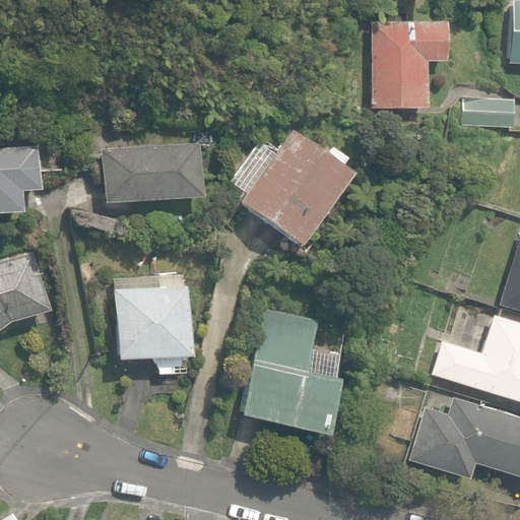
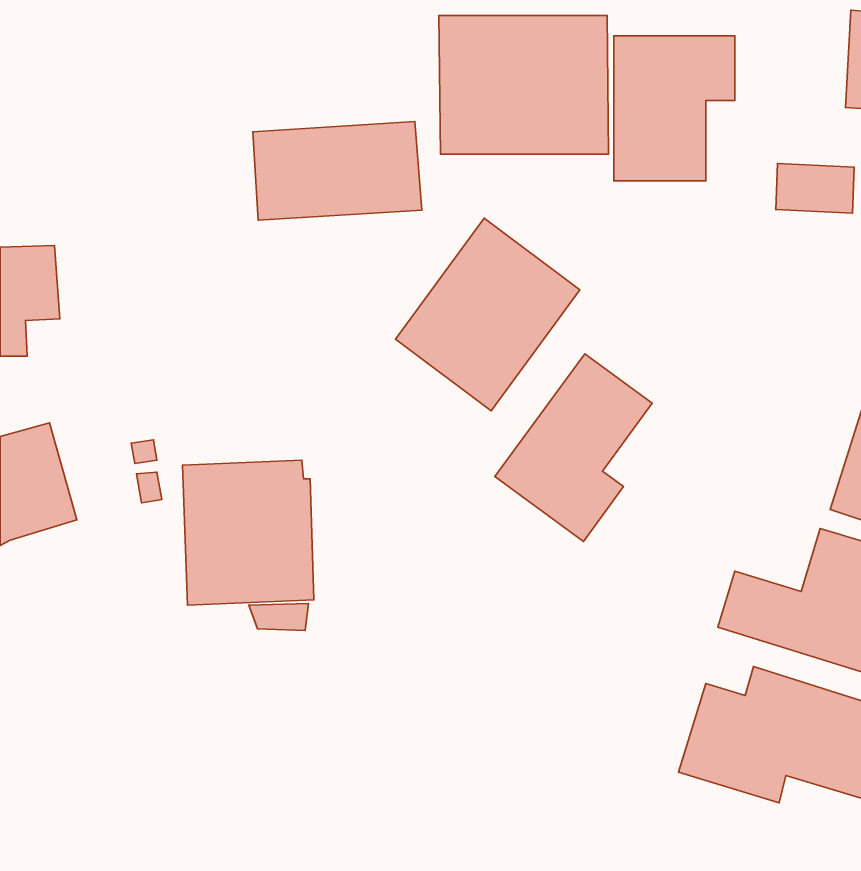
building: none -> [439,16,609,154]
building: [104,143,204,202] -> [253,121,422,220]
building: none -> [495,354,652,542]
building: [241,308,339,434] -> none

